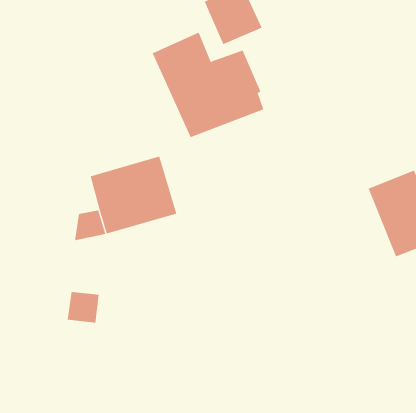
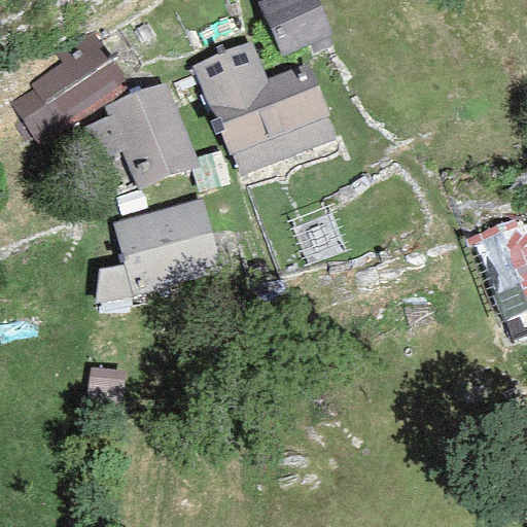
building: none -> [11,28,126,141]
building: none -> [86,81,201,191]

